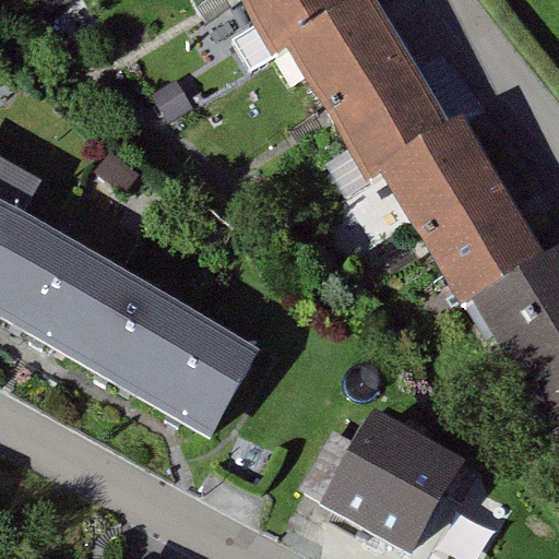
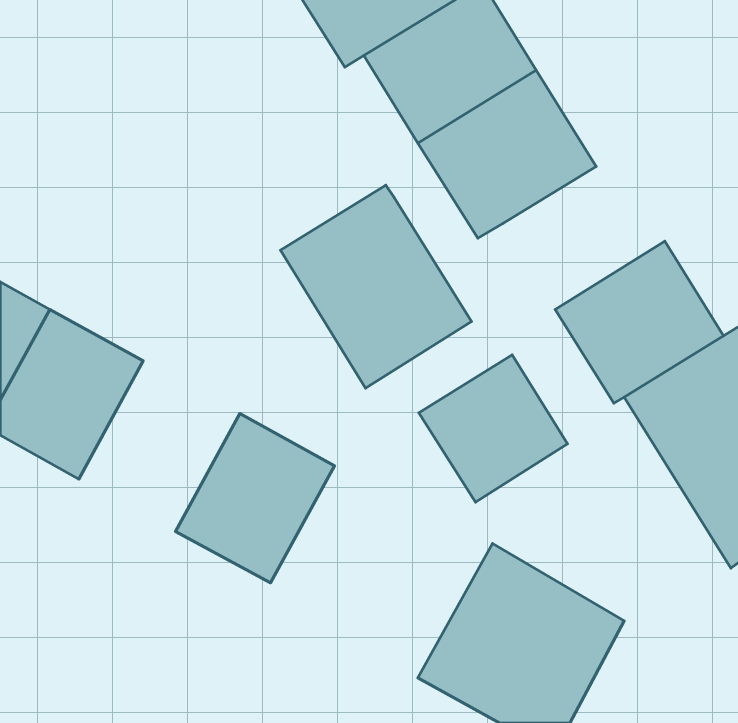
building: [382,117,503,231] -> none
building: none -> [281,185,472,388]
building: none -> [419,355,567,502]
building: [66,270,186,397] -> none

